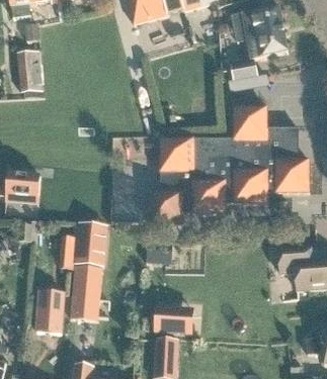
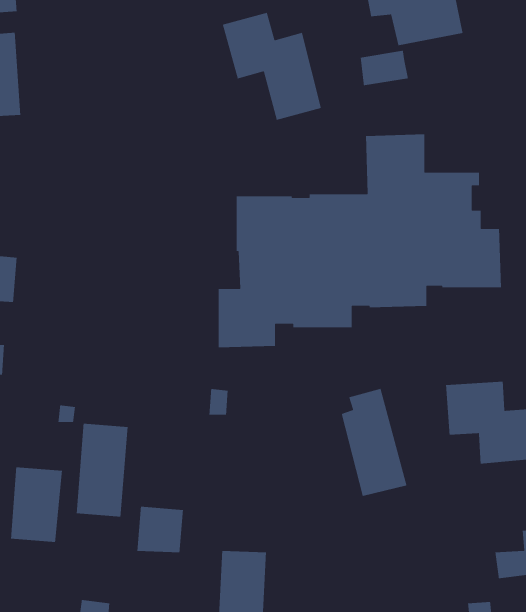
building: none -> [222,12,322,121]
building: [76,221,105,265] -> none
building: none -> [341,388,408,497]
building: [155,304,181,330] -> [136,506,184,553]

